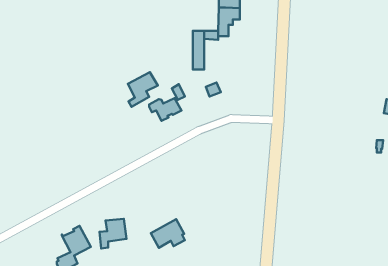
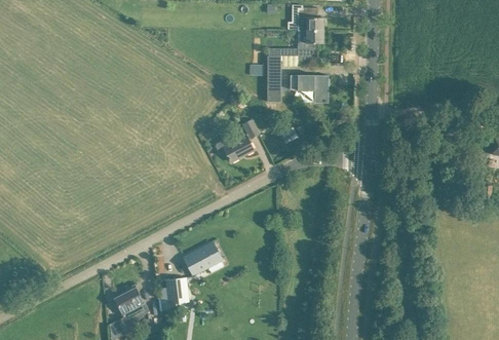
building: none -> [291,75,329,103]
building: [128,72,158,107] -> none
building: [151,219,185,248] -> [184,241,224,275]

